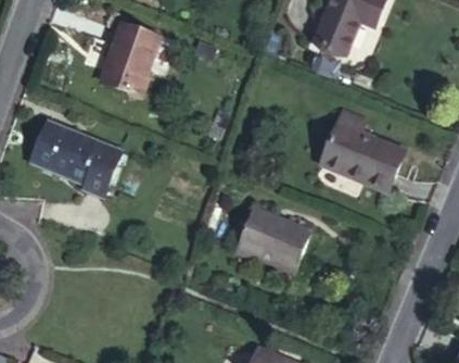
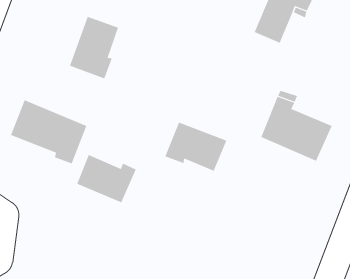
building: none -> [76,154,136,203]
building: [238,210,310,267] -> [164,122,227,171]

